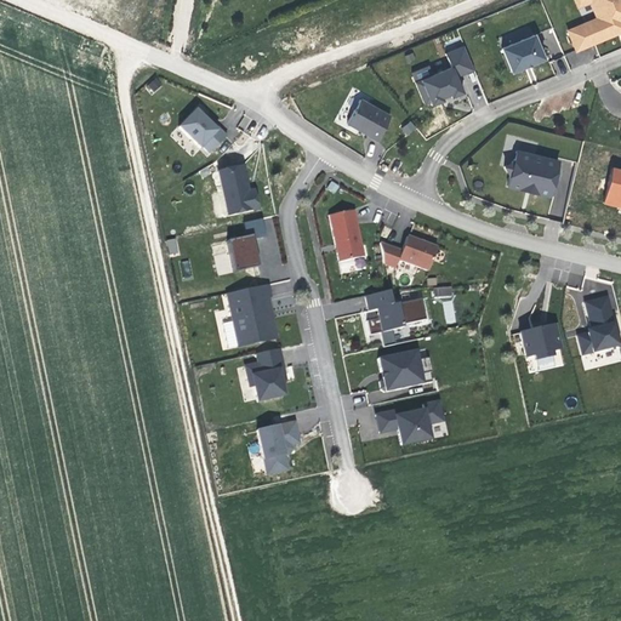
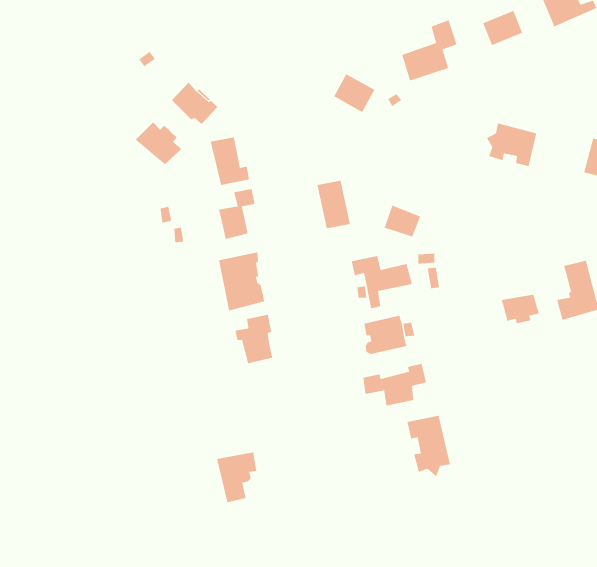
building: none -> [135,121,182,165]
building: [257,421,300,474] -> [216,452,257,503]
building: none -> [406,415,451,478]

